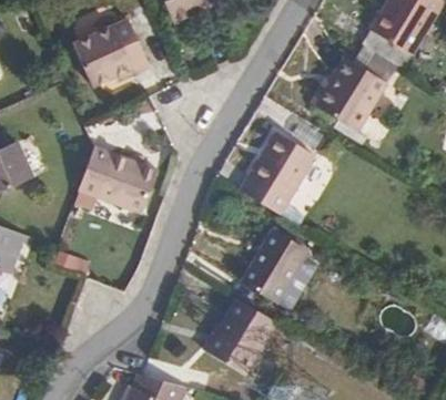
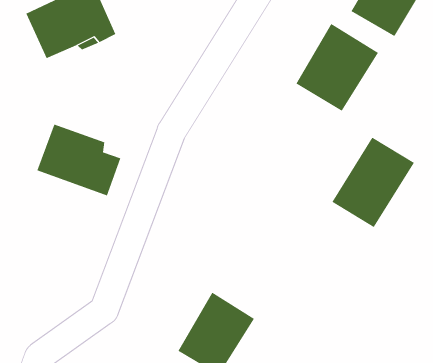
building: [239,130,314,212] -> [331,137,415,228]
building: [240,227,306,300] -> none

